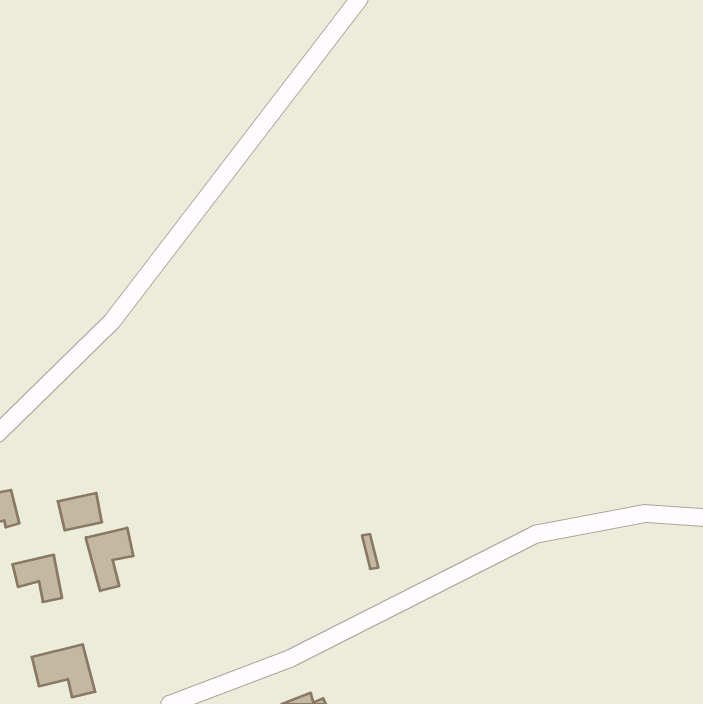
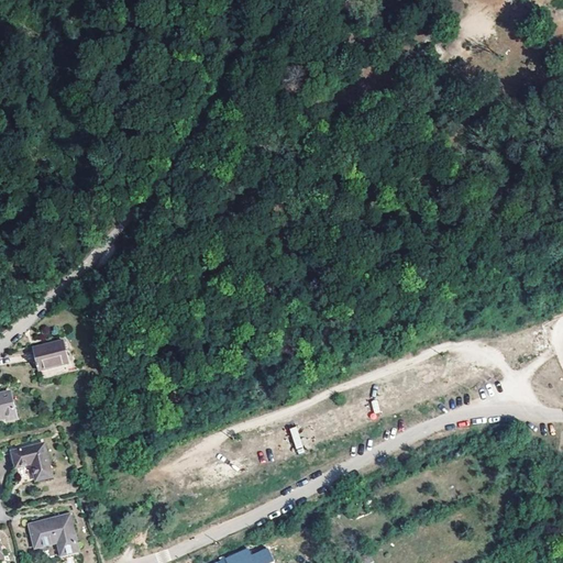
building: [58,493,102,530] -> [33,340,68,369]
building: [86,528,133,591] -> none

